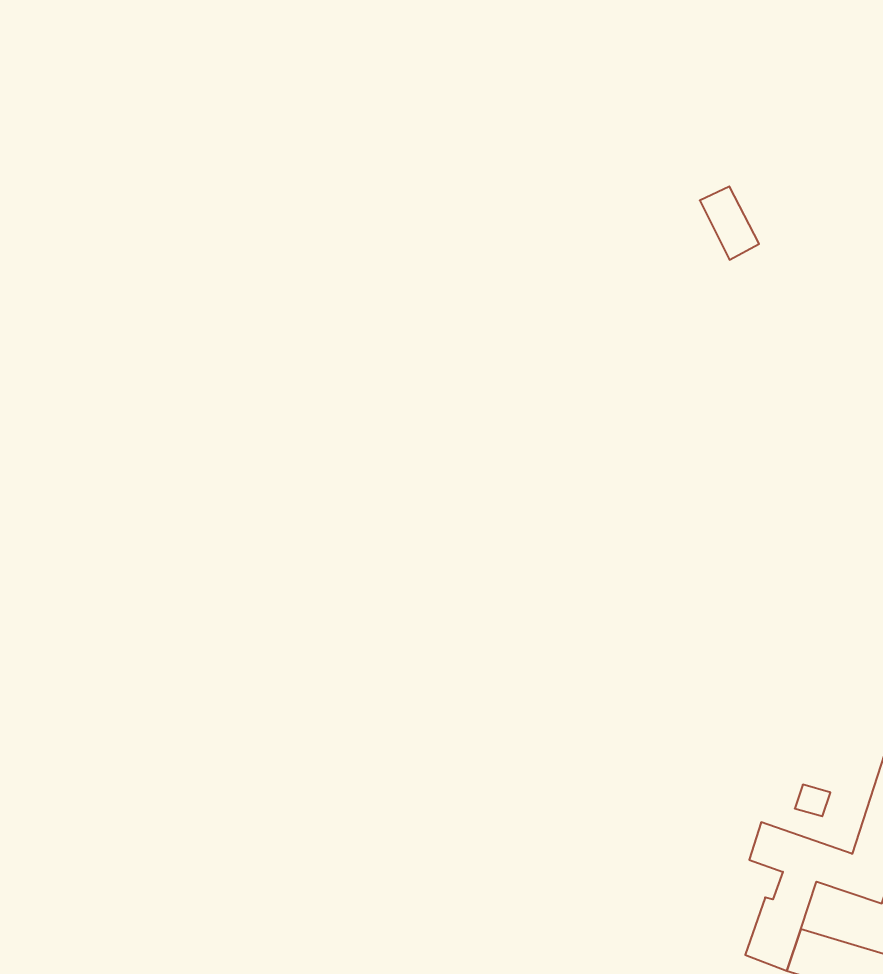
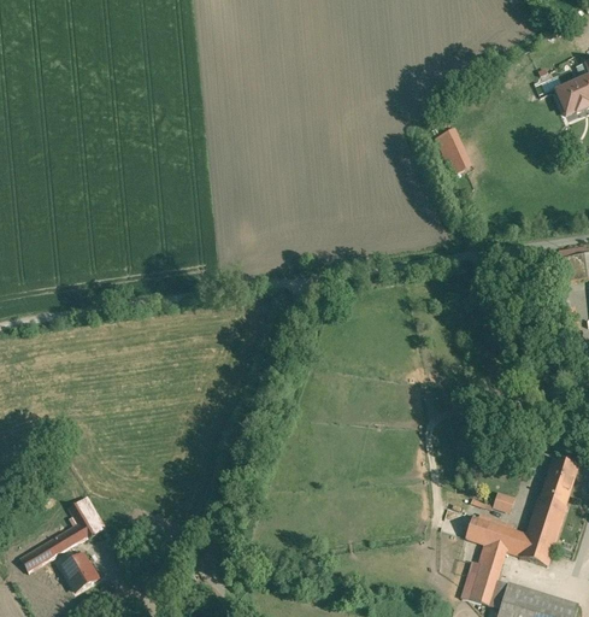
building: none -> [20,498,104,572]
building: none -> [61,553,98,592]

